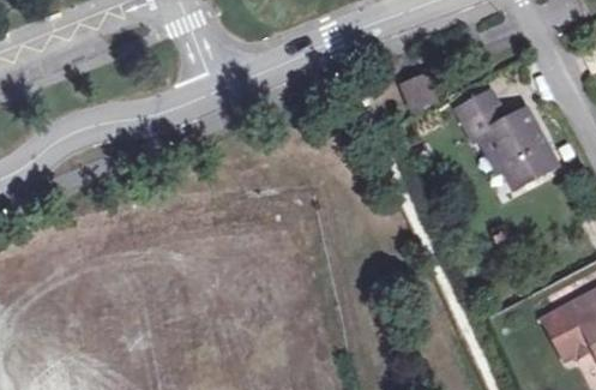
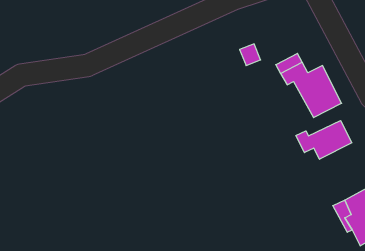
building: none -> [296,121,352,159]

